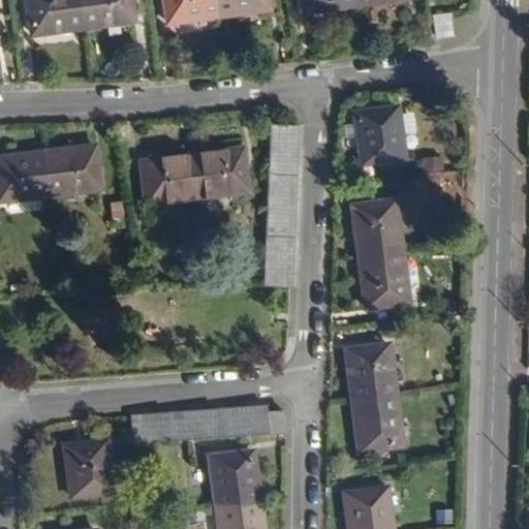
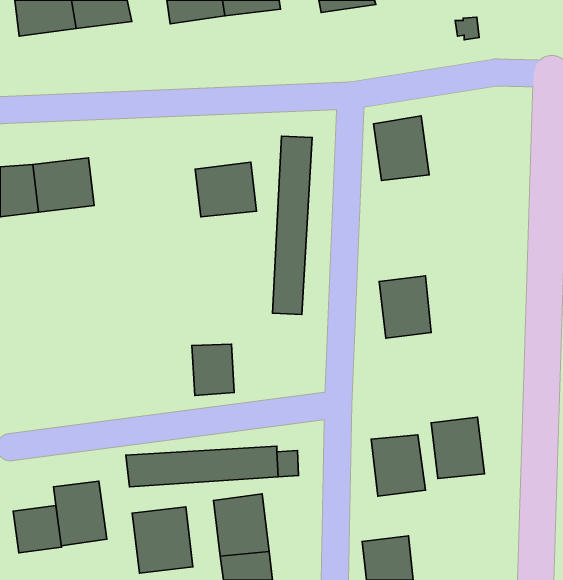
building: [143,154,198,203] -> none
building: [354,200,403,256] -> none
building: none -> [192,344,234,395]
building: [347,344,396,400] -> [431,417,484,479]
building: none -> [13,505,61,553]
building: none -> [132,507,193,573]

